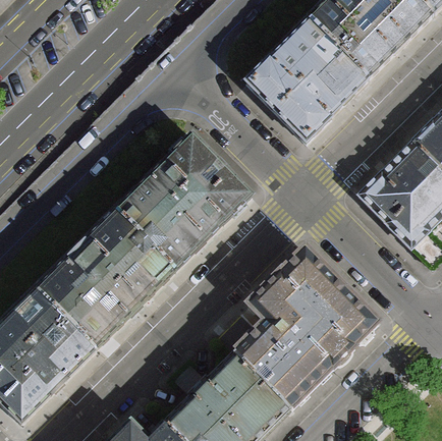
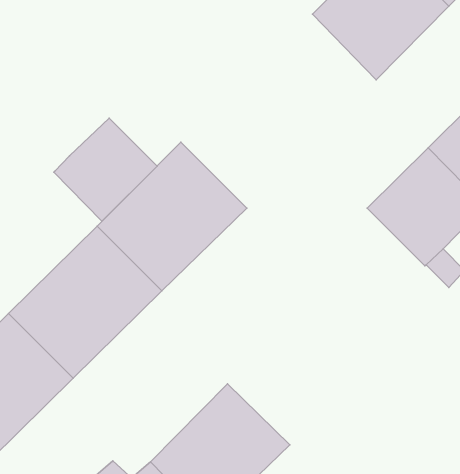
building: [245,20,365,140] -> none
building: none -> [54,118,157,221]
building: [231,250,375,407] -> none

